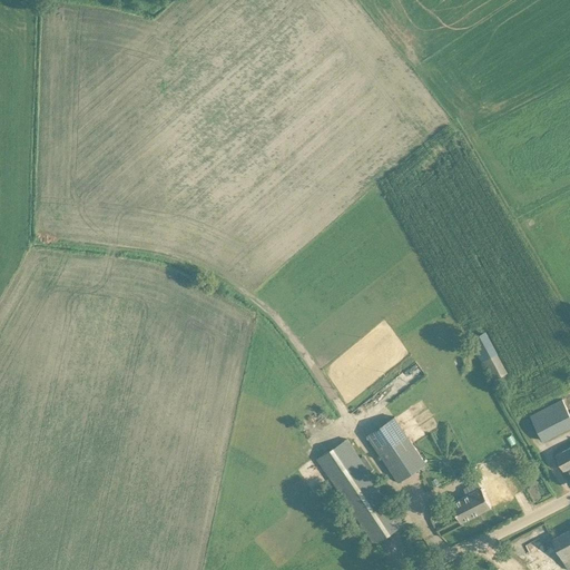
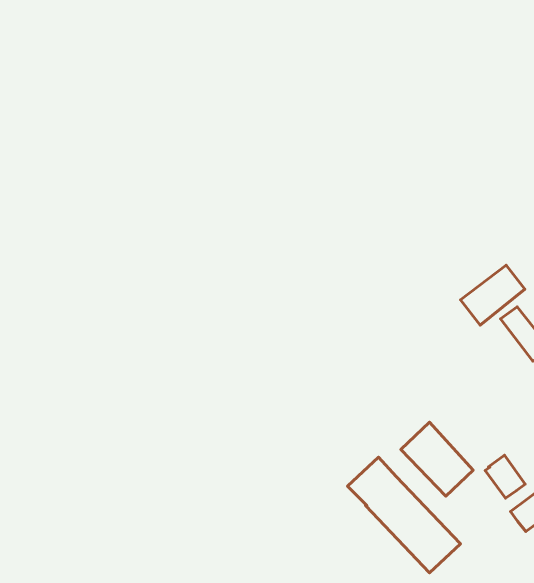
building: none -> [461,265,525,325]
building: none -> [485,455,525,498]

